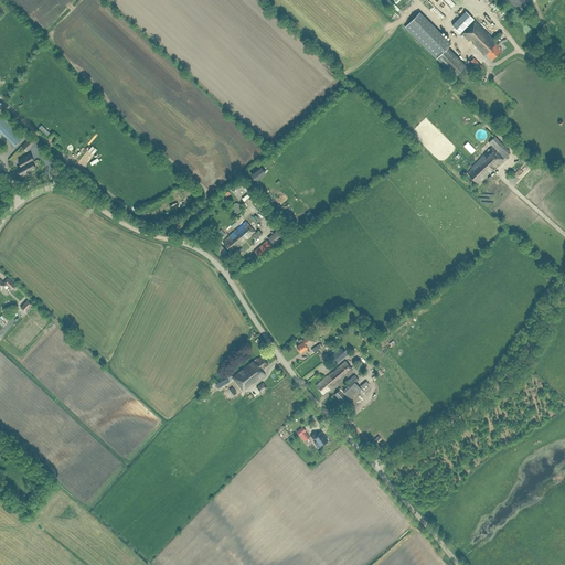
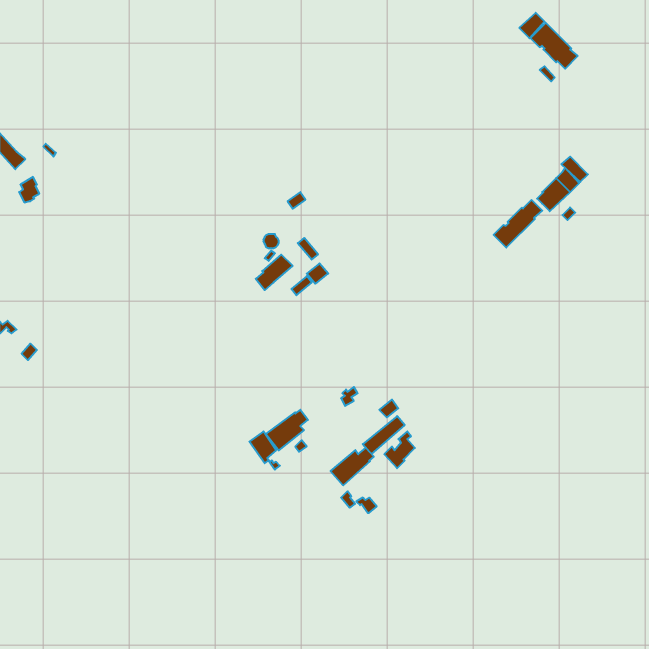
building: [404,13,465,77] -> none
building: none -> [494,200,542,248]
building: none -> [331,448,374,485]

